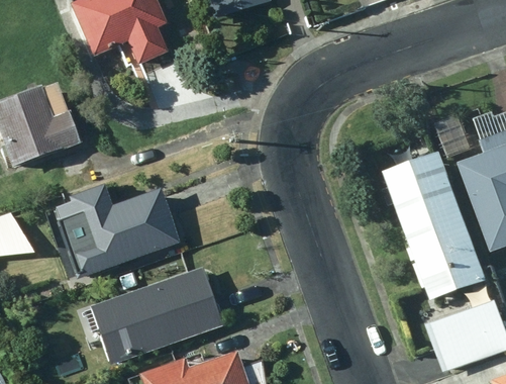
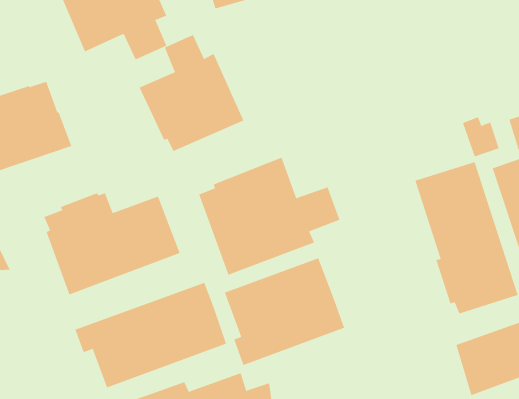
building: none -> [139,34,244,152]
building: none -> [199,157,340,275]
building: none -> [224,257,345,366]

